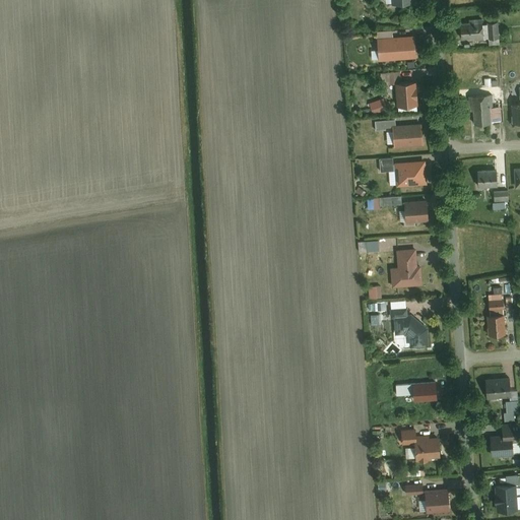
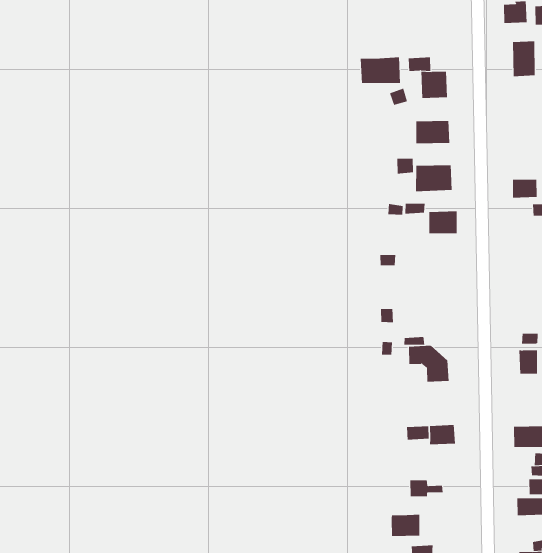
building: [378,36,413,60] -> [360,57,401,84]
building: [469,95,491,127] -> [512,41,536,77]
building: [392,248,422,287] -> none
building: [417,439,443,459] -> [391,514,420,537]

